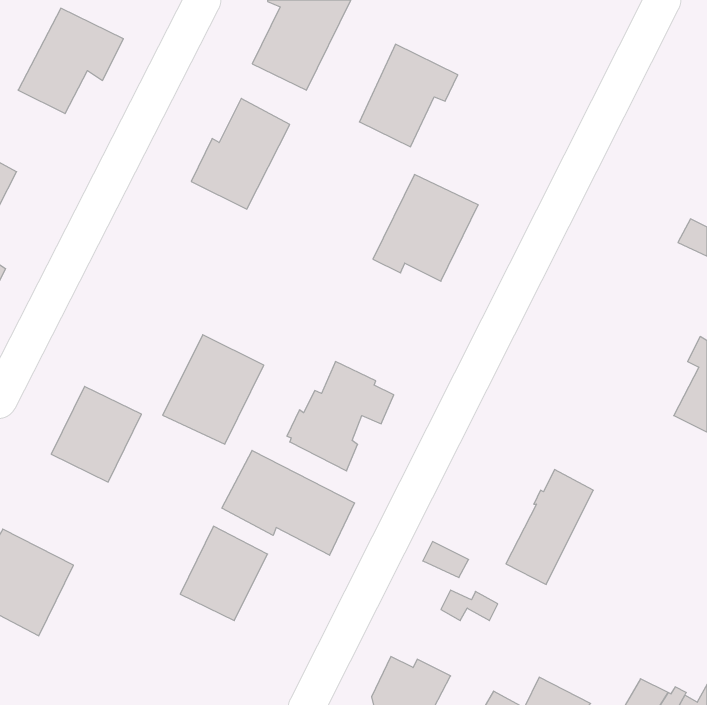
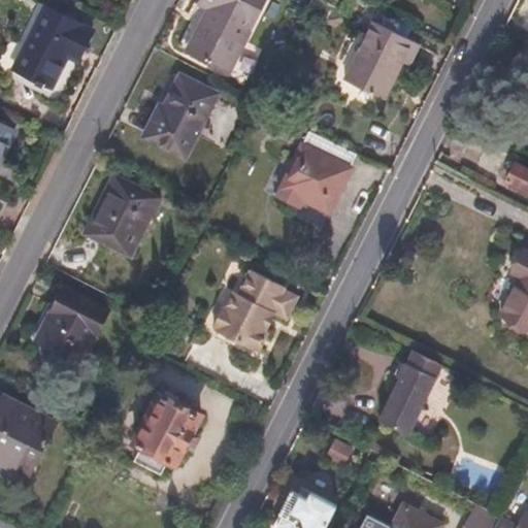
building: [359,44,458,147] -> [344,23,418,99]
building: [163,335,264,444] -> [84,175,159,257]
building: [222,450,354,555] -> none

